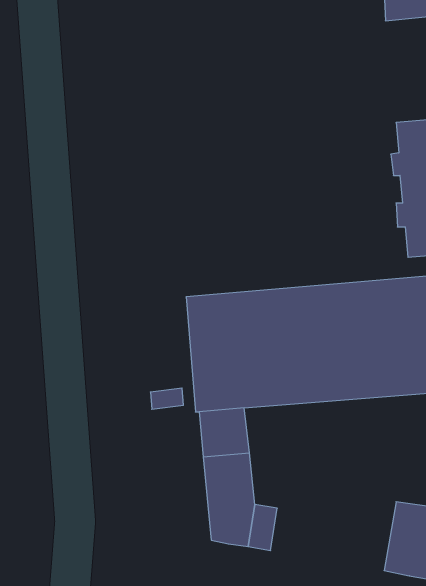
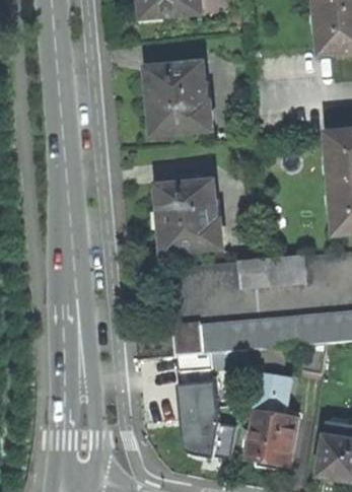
building: none -> [143,56,210,137]
building: none -> [152,174,217,256]
building: none -> [243,374,294,470]

